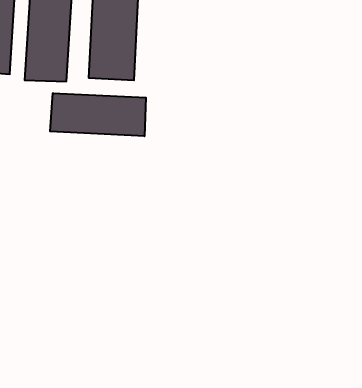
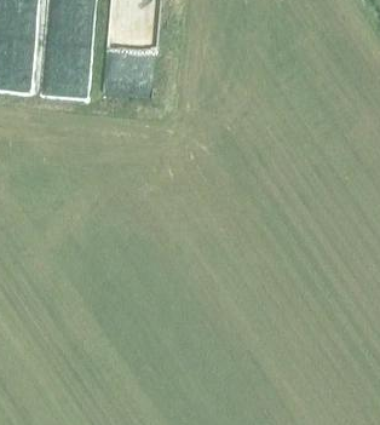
building: [50,93,146,136] -> none

